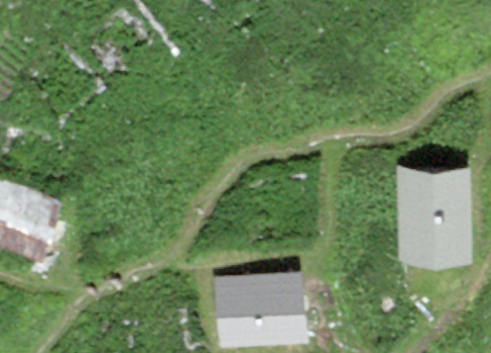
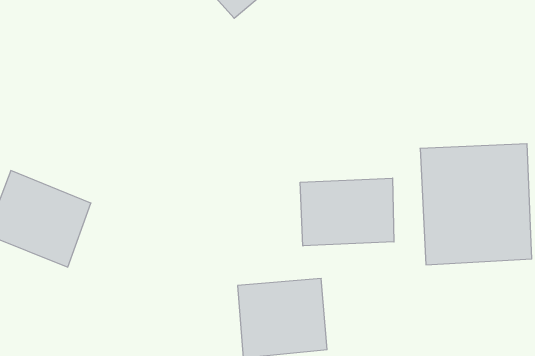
building: none -> [300,178,394,246]

